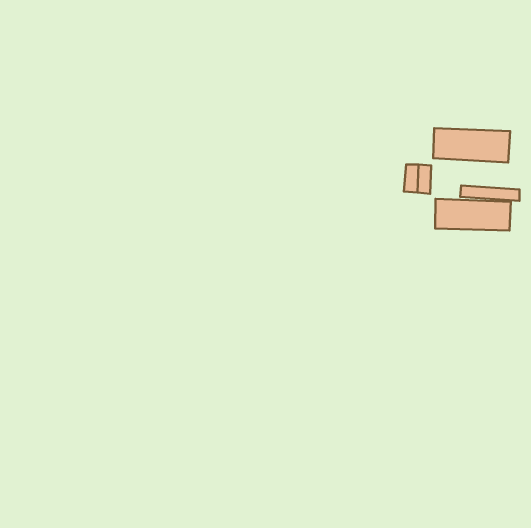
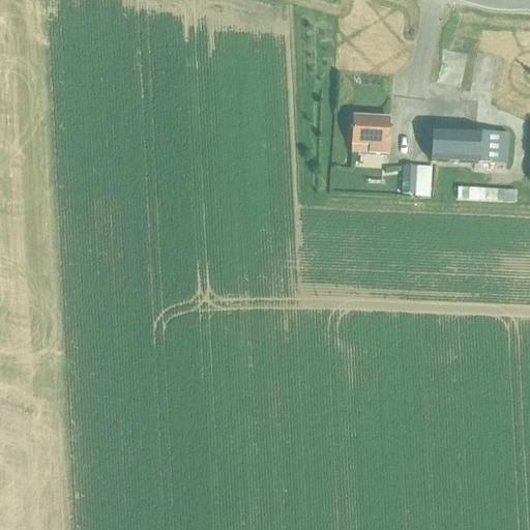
building: none -> [352,115,389,152]
building: [435,199,511,231] -> none

